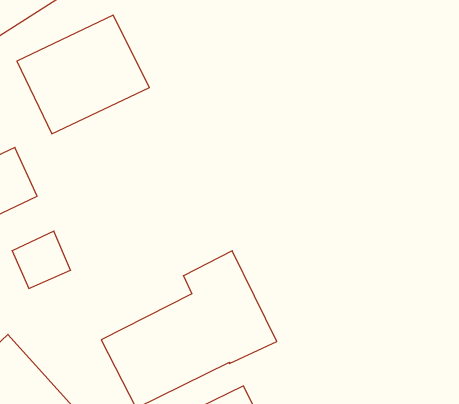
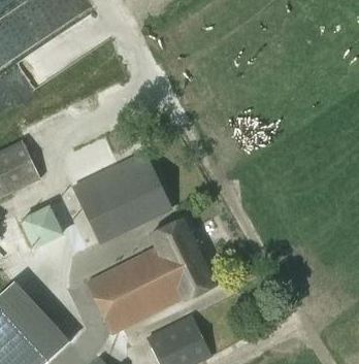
building: [17,15,149,134] -> [72,154,170,241]

